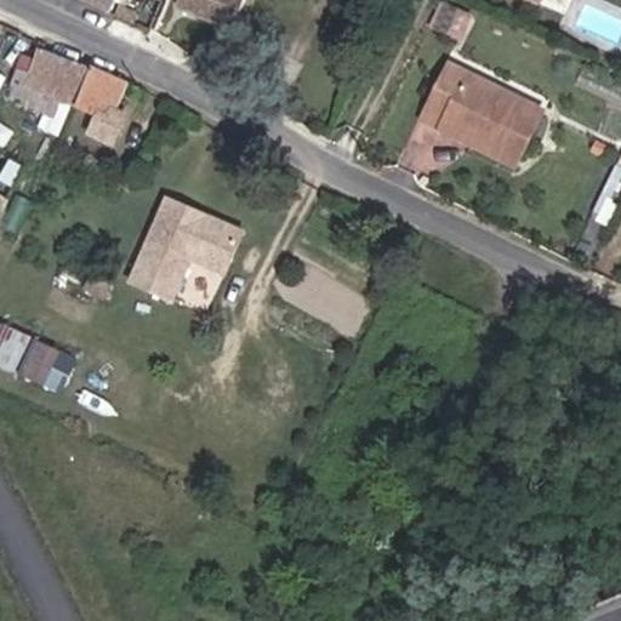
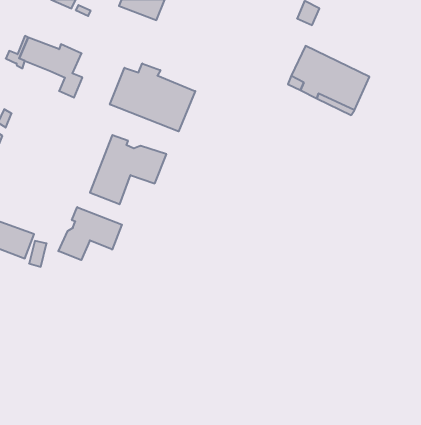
building: none -> [110,63,195,131]
building: none -> [58,207,122,260]

